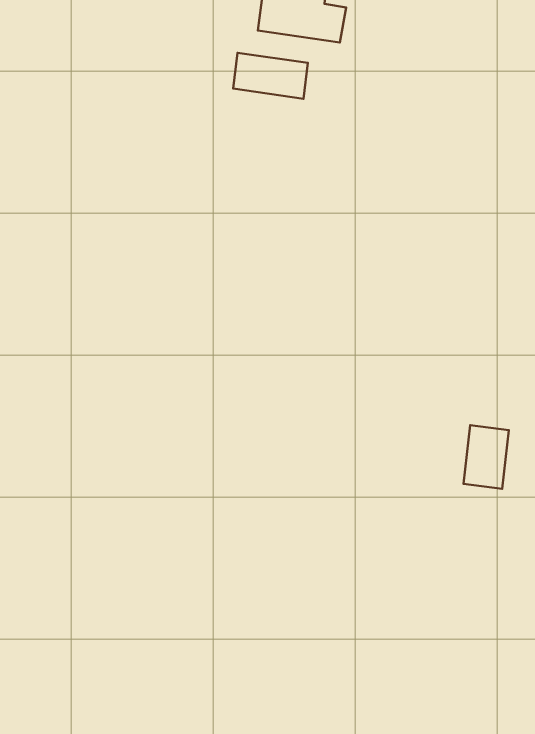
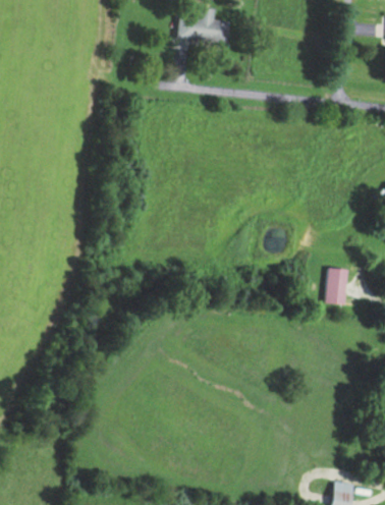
building: [233,53,308,99] -> none

